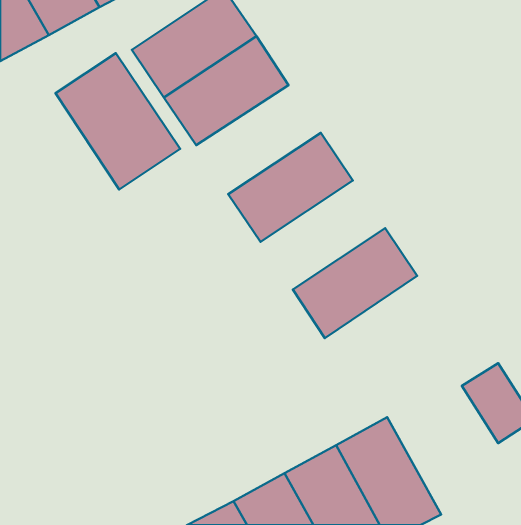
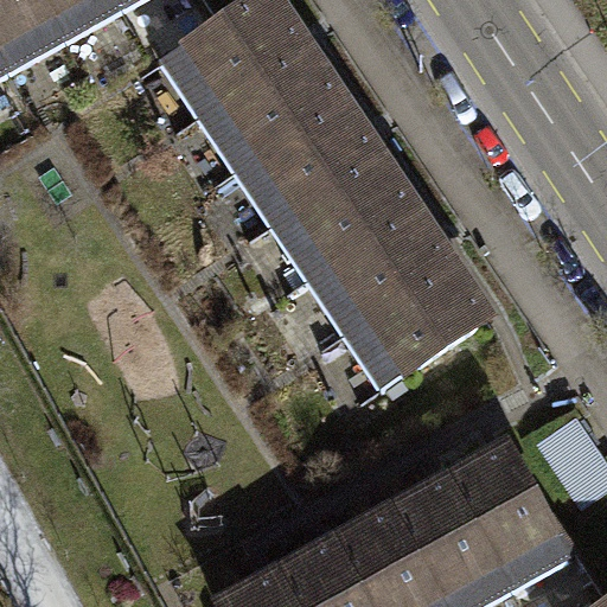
building: [55,53,180,190] -> none
building: none -> [235,97,377,222]
building: none -> [308,206,451,331]
building: none -> [453,443,574,588]

